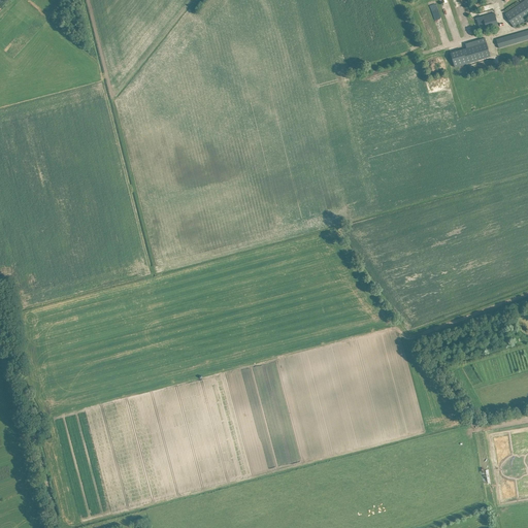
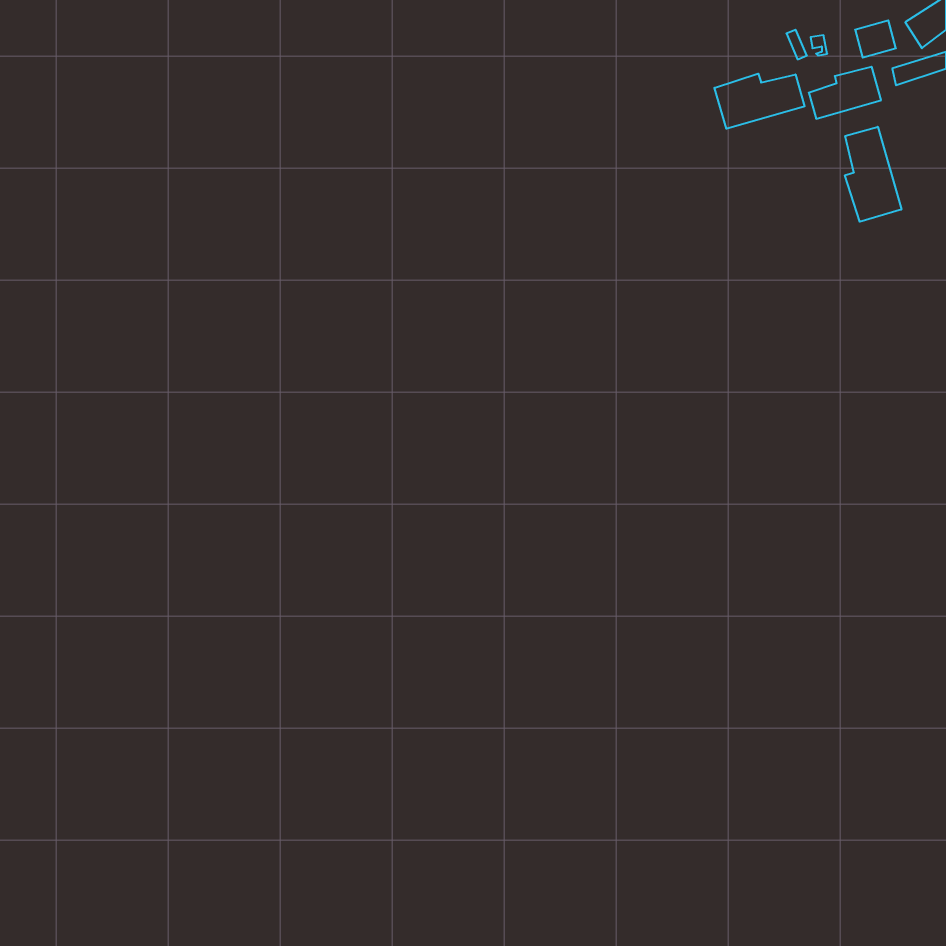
building: none -> [714,74,805,129]
building: none -> [845,127,901,222]

